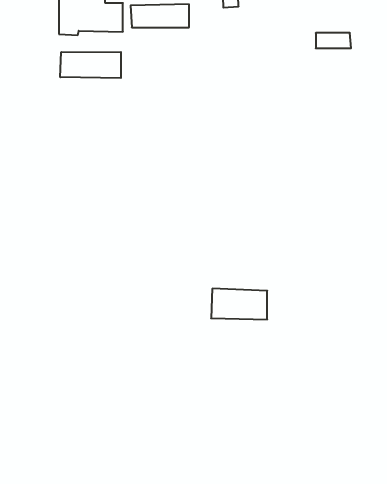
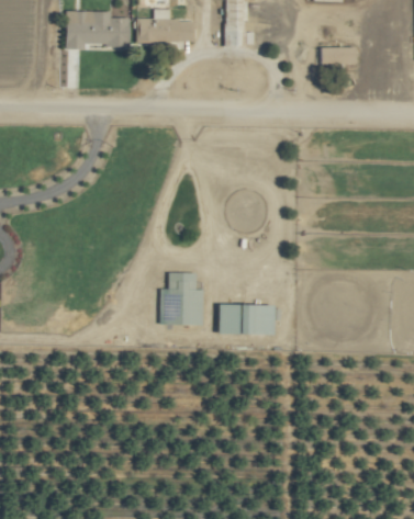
building: [60,52,121,78] -> none
building: none -> [160,272,203,324]

